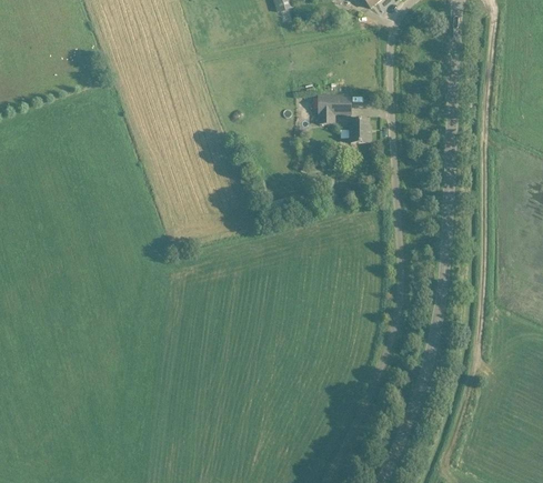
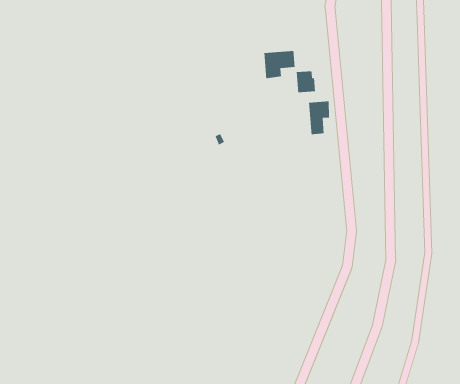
building: none -> [308,101,330,135]

